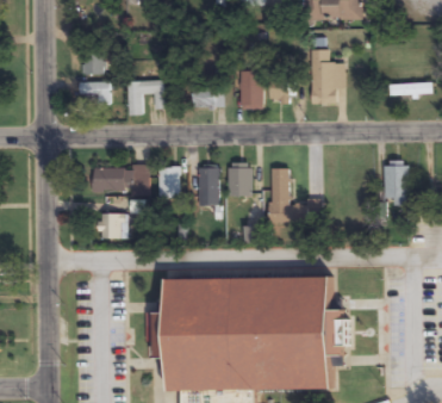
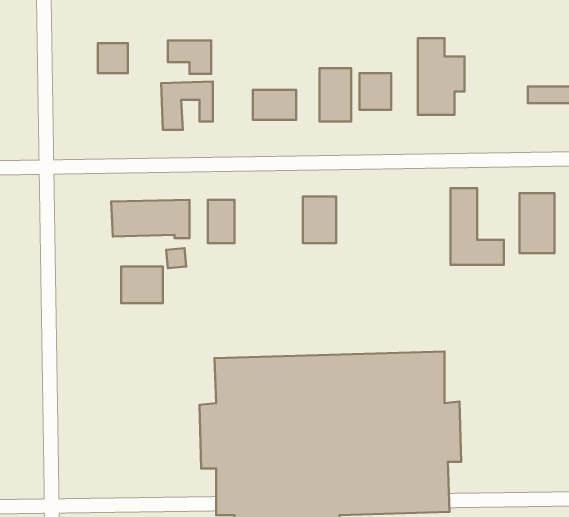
building: [79,82,110,106] -> [168,40,211,74]
building: [199,166,218,205] -> none
building: [268,168,306,223] -> [451,188,504,265]

